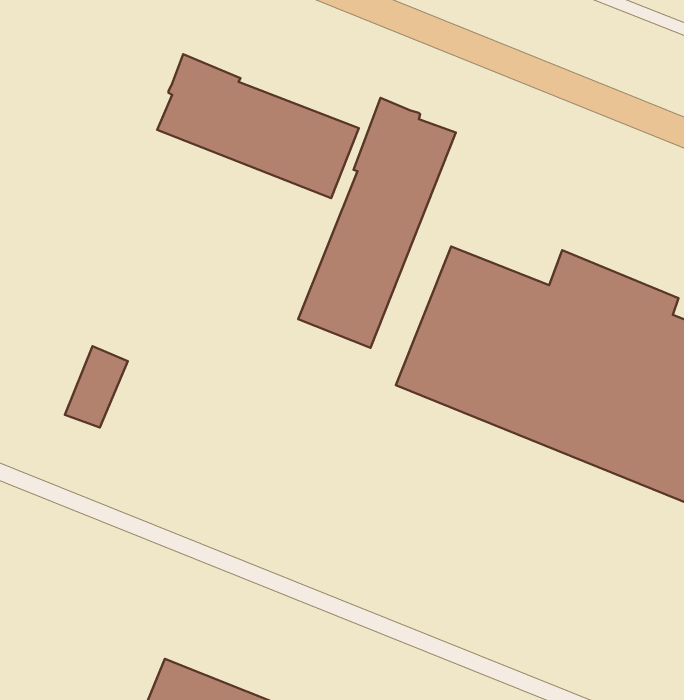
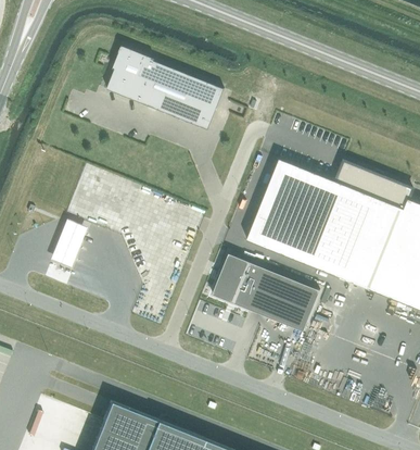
building: [298,98,456,348] -> none
building: none -> [213,254,320,332]

